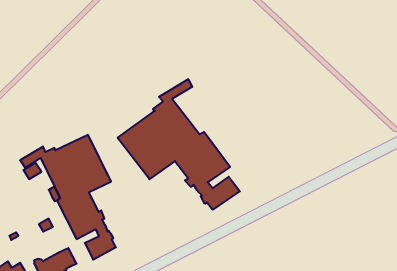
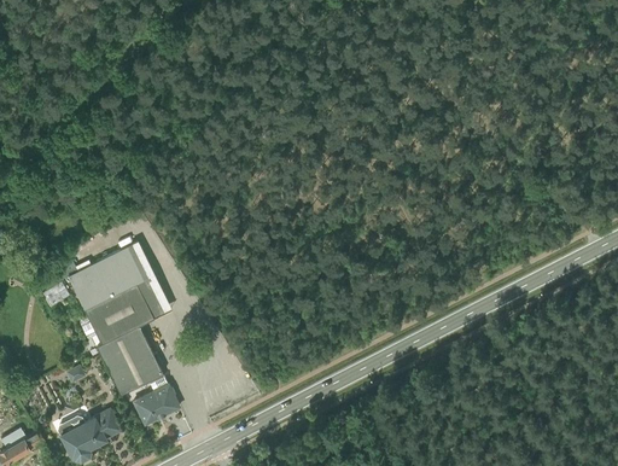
building: [118,79,240,210] -> none

